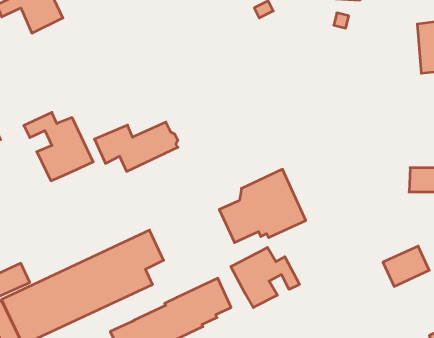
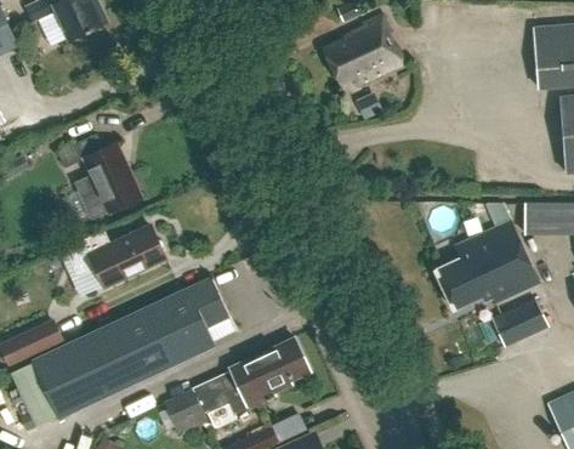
building: none -> [323,17,404,86]
building: [94,122,178,171] -> [64,227,165,286]
building: [219,169,306,243] -> [434,221,539,309]
building: [231,247,299,308] -> none

